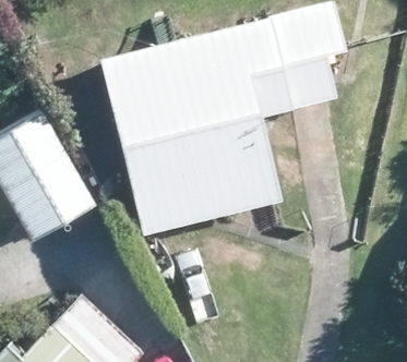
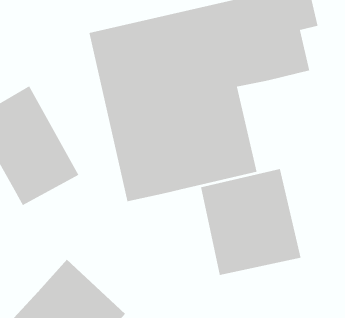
building: none -> [200,168,301,276]

